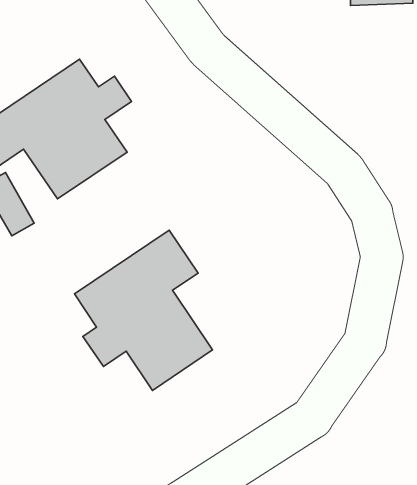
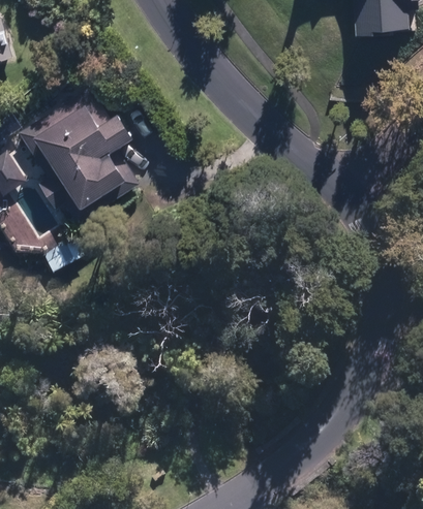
building: [75,230,212,391] -> none

